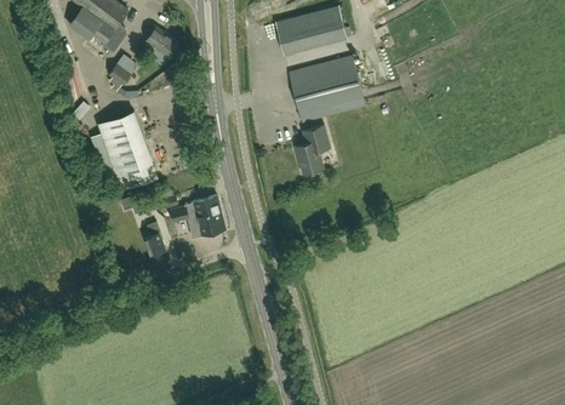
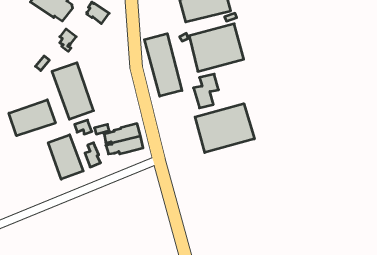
building: none -> [144,34,182,96]
building: none -> [9,100,55,136]
building: none -> [195,104,254,153]
building: none -> [48,135,83,179]

